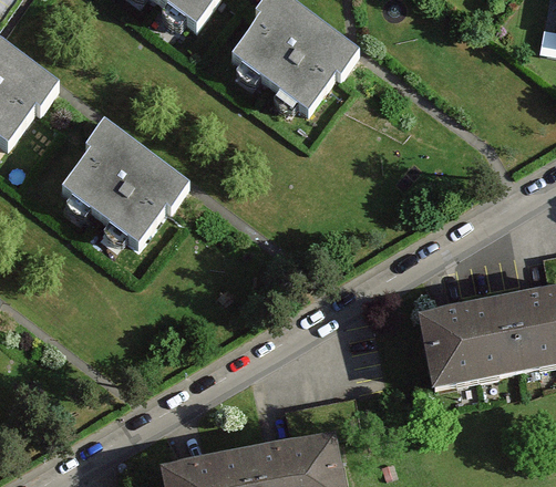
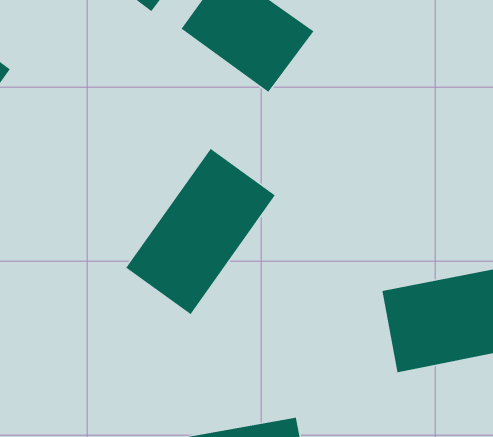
building: [55,123,185,242] -> none
building: none -> [125,148,276,315]

